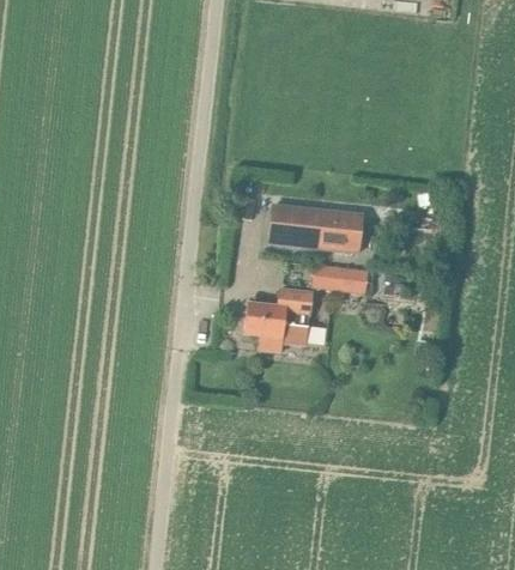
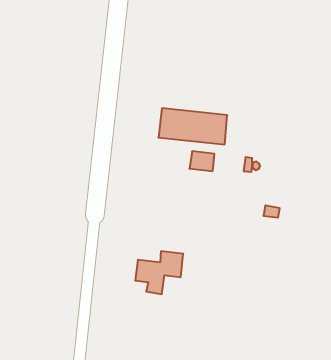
building: [246,291,313,351] -> [135,251,183,294]

